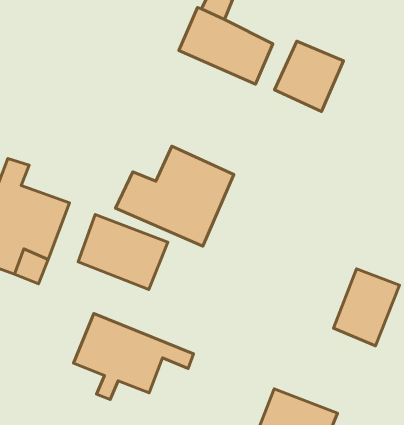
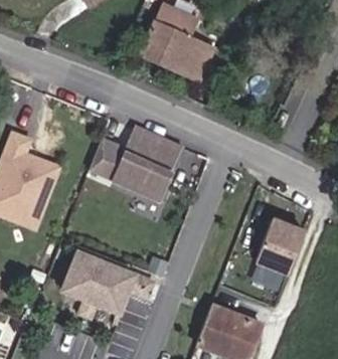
building: [274,41,344,112] -> none
building: [78,215,168,289] -> none

